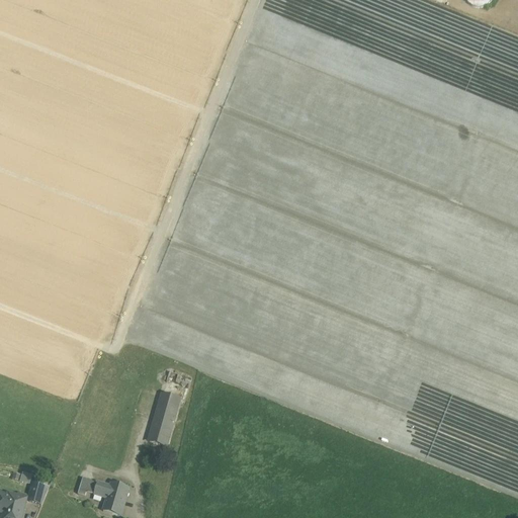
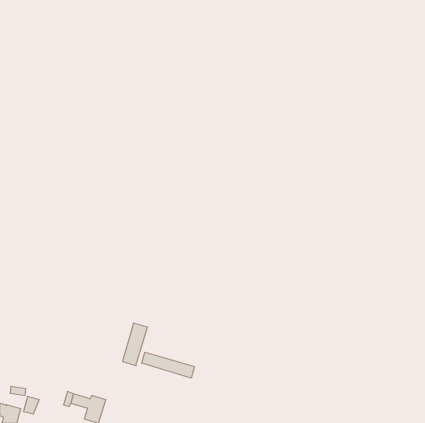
building: none -> [142,352,195,378]

